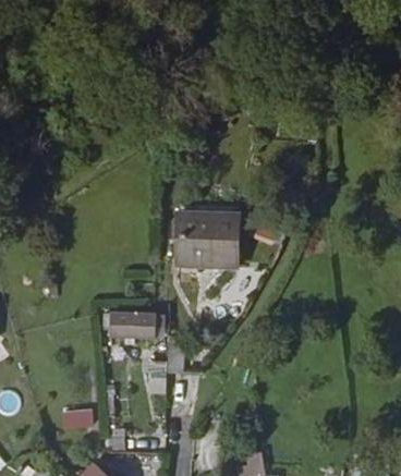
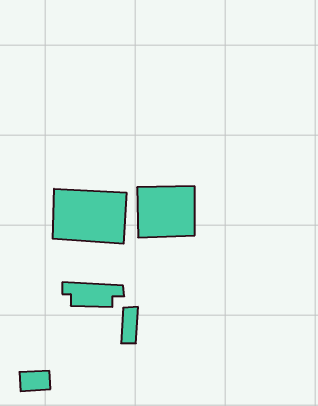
building: none -> [53,189,126,244]

